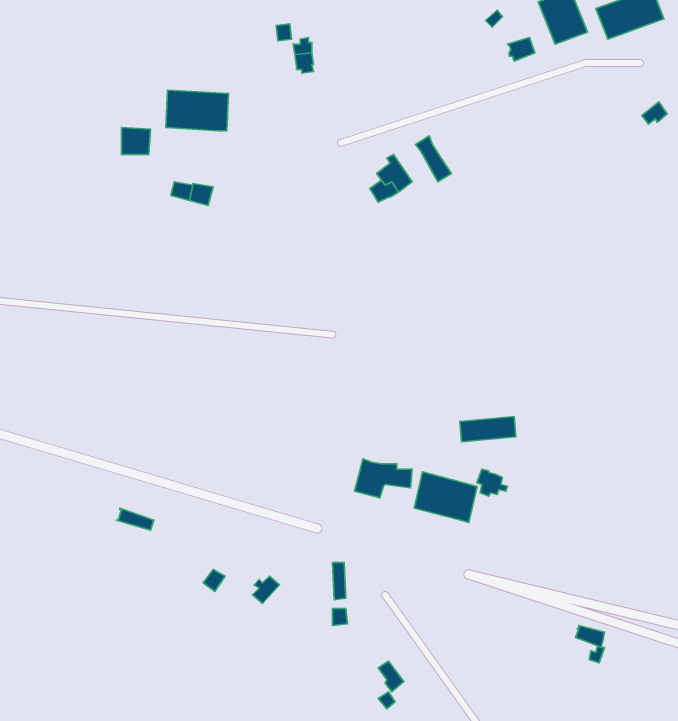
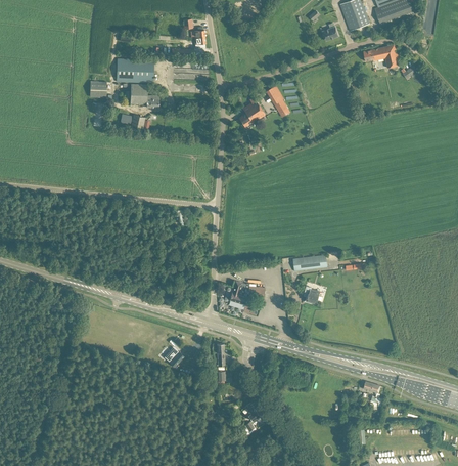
building: none -> [362,44,401,68]
building: none -> [129,84,158,108]
building: [414,472,477,522] -> none

